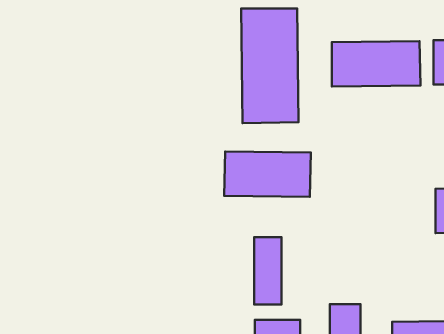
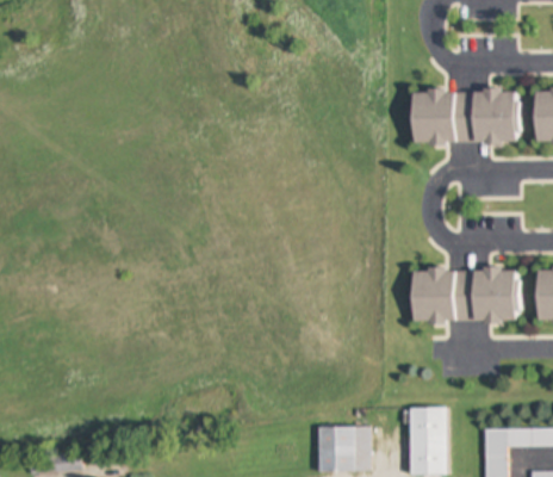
building: [241,8,299,123] -> none
building: [224,151,311,197] -> [411,267,516,322]
building: [254,237,282,305] -> none

